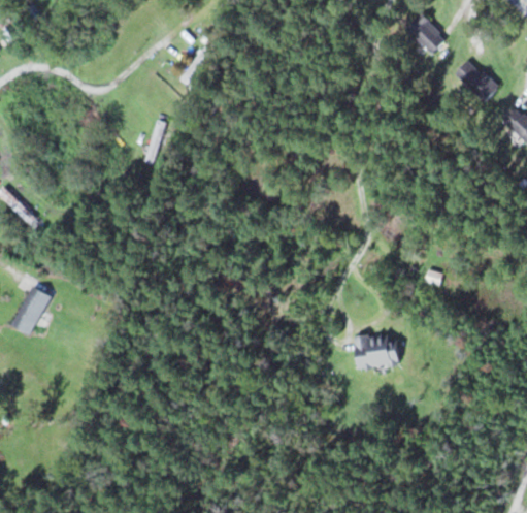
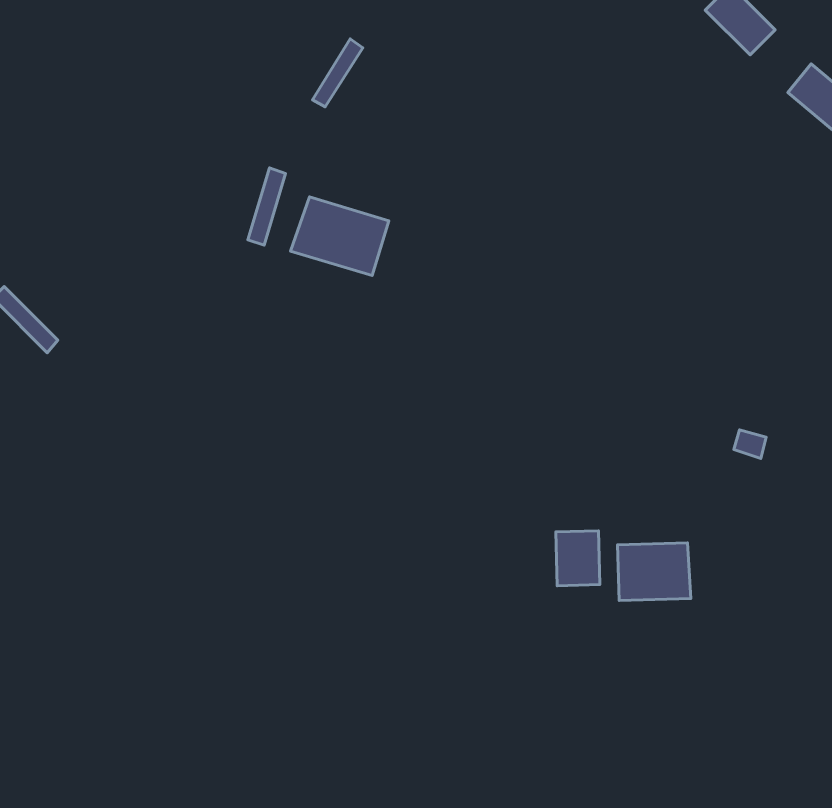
building: none -> [291,197,389,276]
building: [9,286,51,334] -> none
building: none -> [556,531,600,586]

